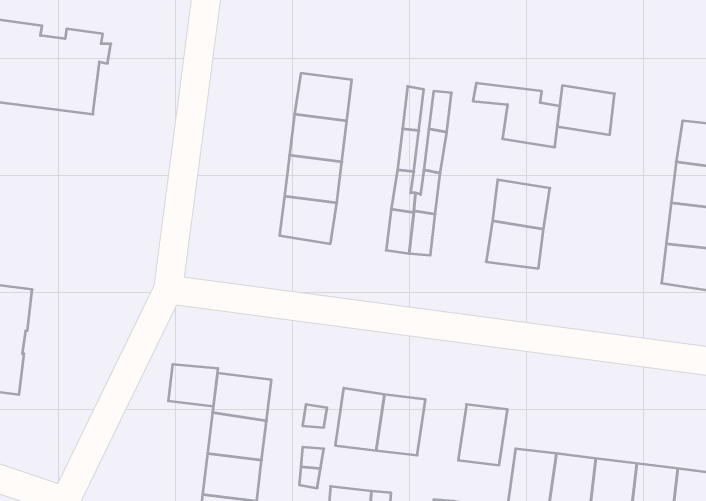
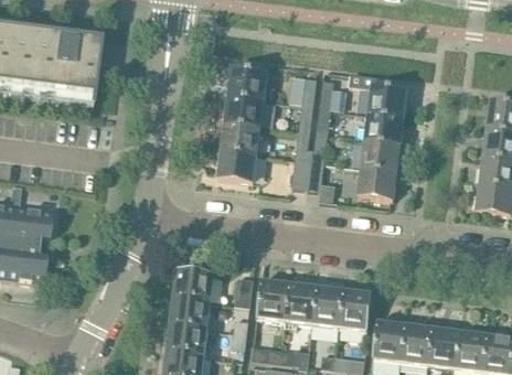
building: [557,86,615,135] -> [365,111,404,144]
building: [168,364,218,406] -> none
building: none -> [311,287,344,328]

